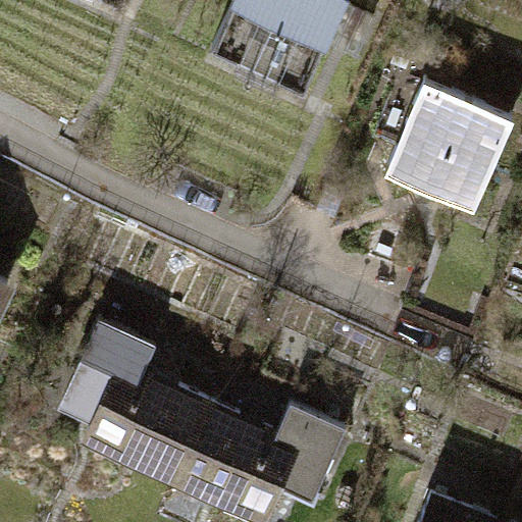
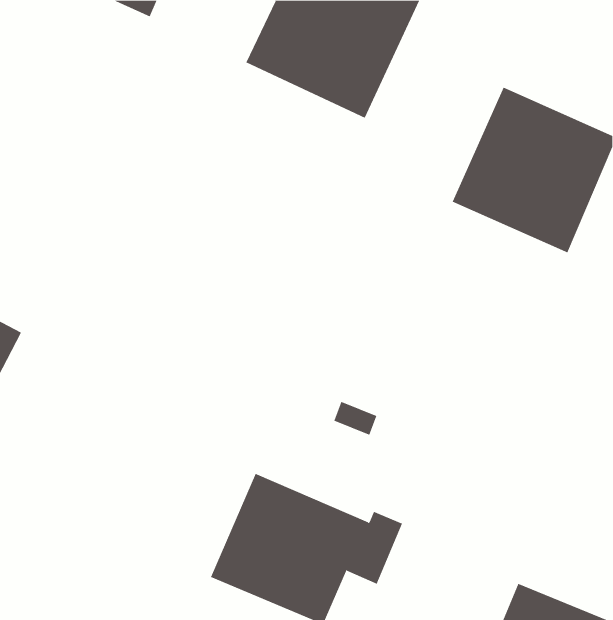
building: [76,336,213,485] -> none

